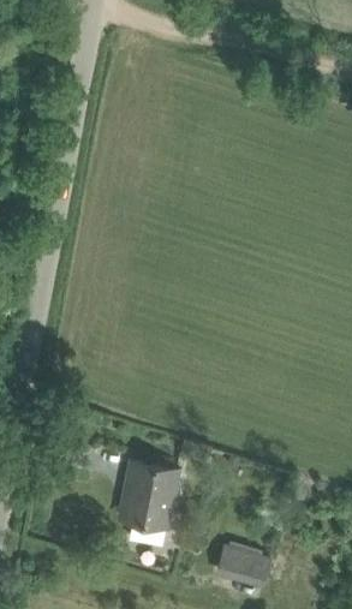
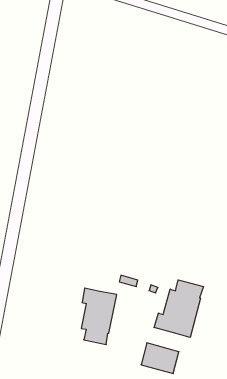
building: none -> [154,280,203,337]

